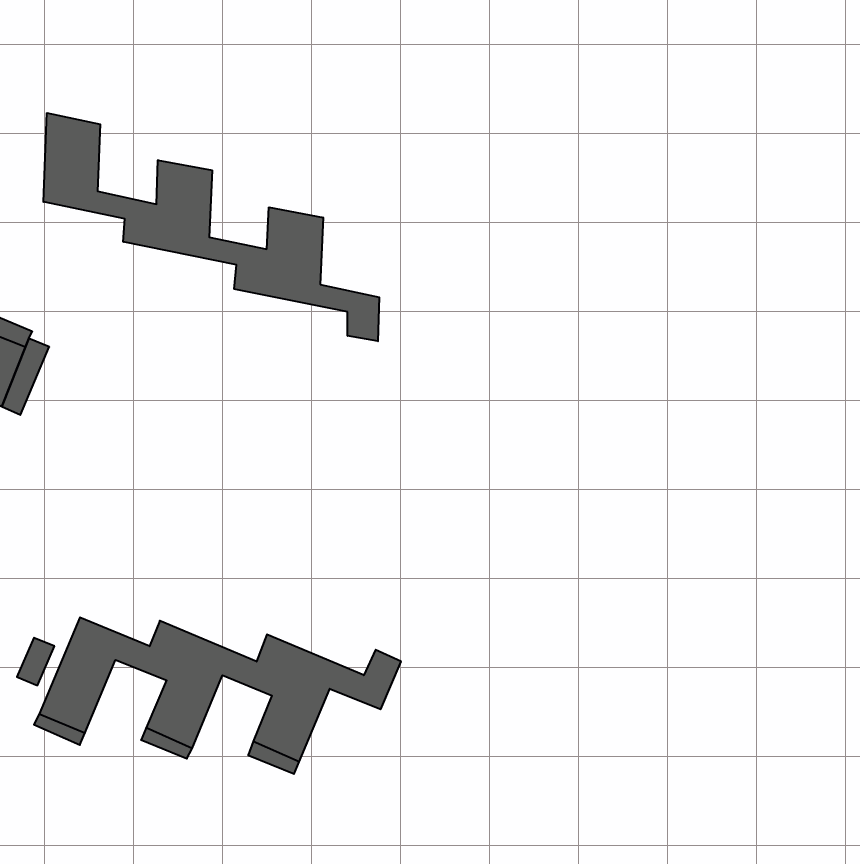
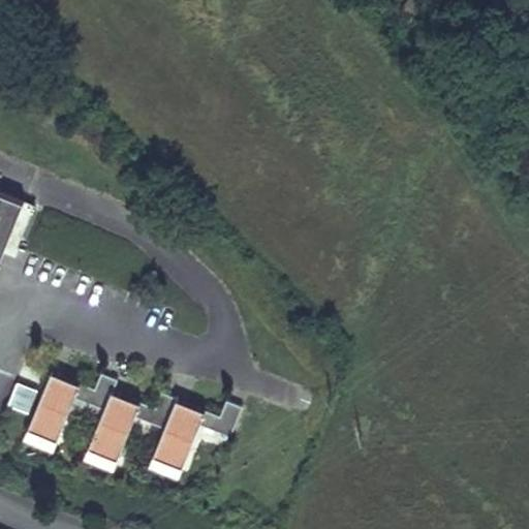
building: [43,113,379,341] -> none

